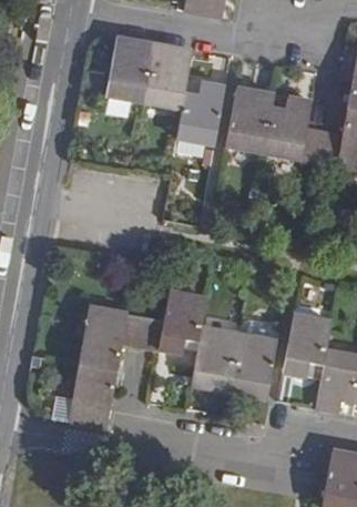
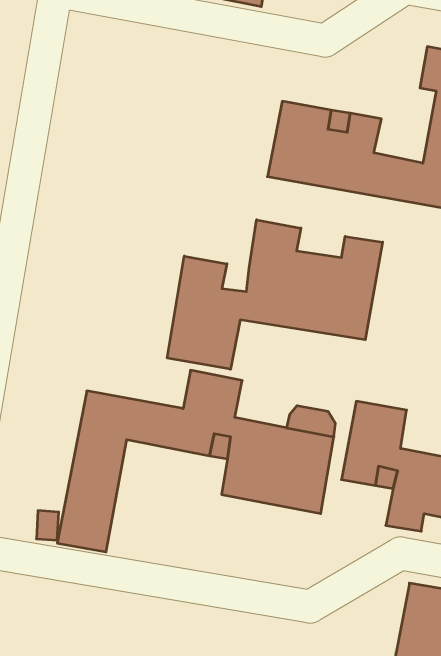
building: [108,38,225,143] -> none
building: none -> [167,220,383,369]

